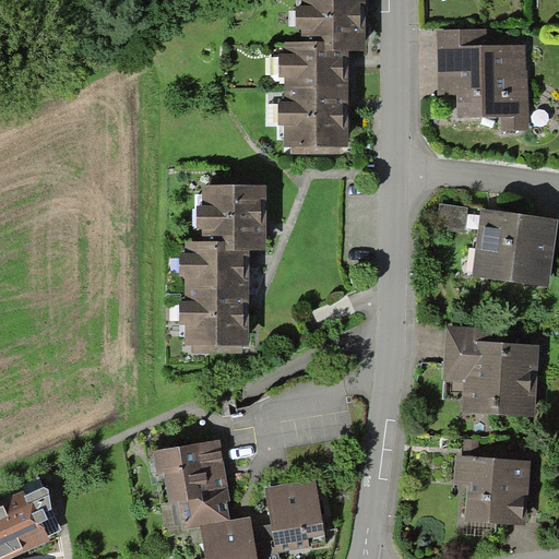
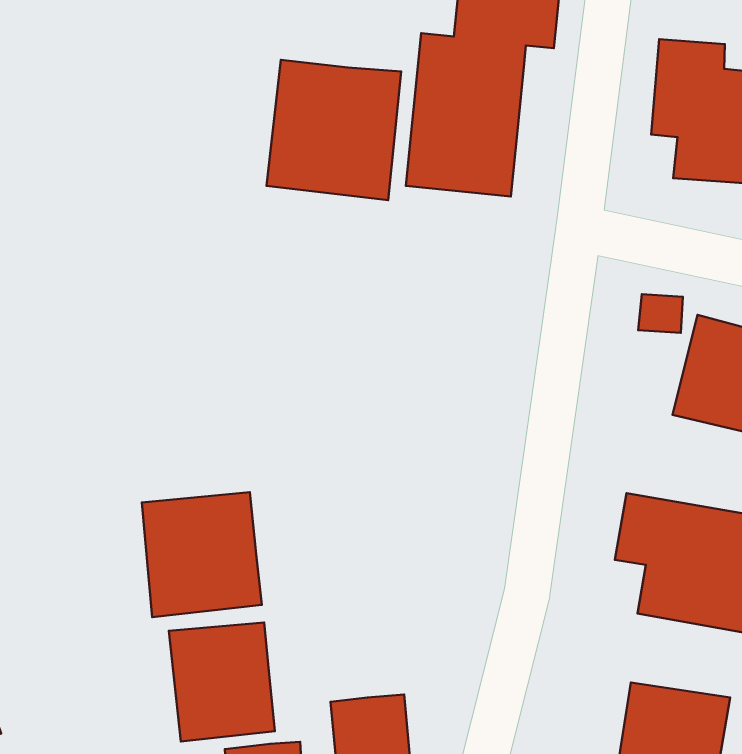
building: none -> [266,60,401,200]
building: [181,182,262,338] -> none
building: none -> [142,492,262,617]

